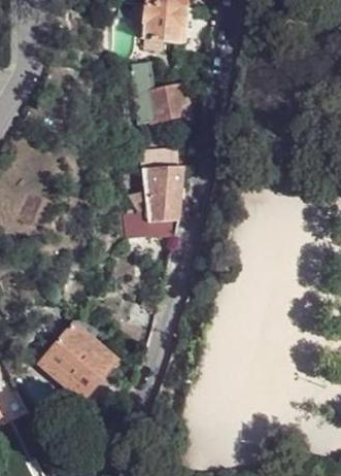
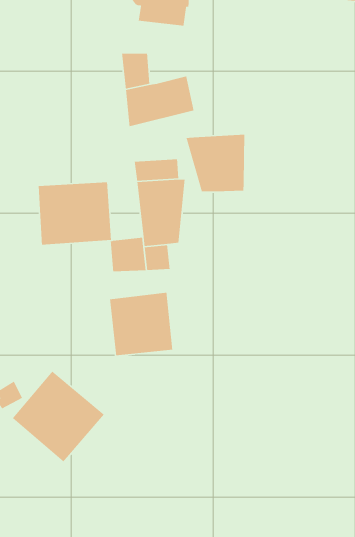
building: none -> [186,134,245,192]
building: none -> [38,182,112,245]
building: none -> [109,292,173,356]

